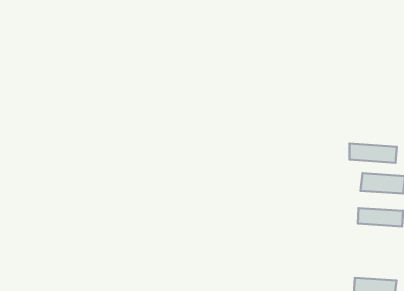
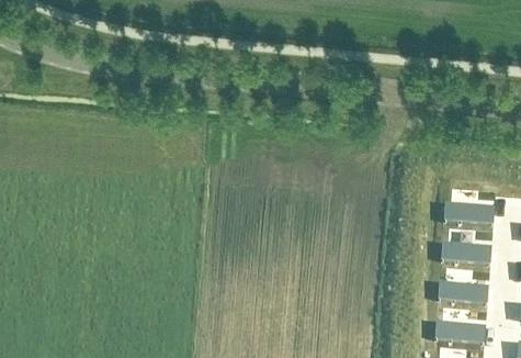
building: [349,144,397,163] -> none
building: none -> [439,280,487,302]

